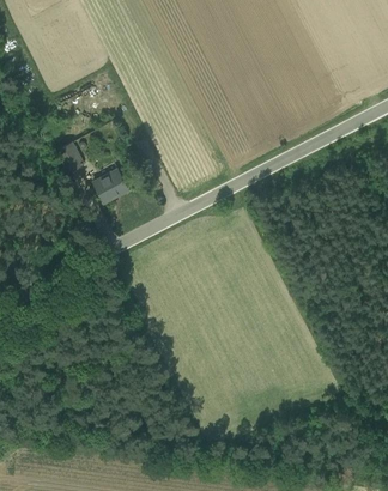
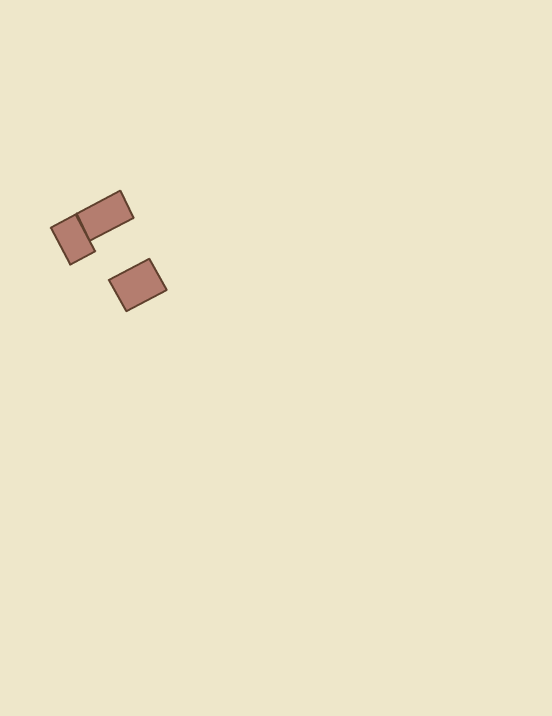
building: none -> [77,191,133,241]

